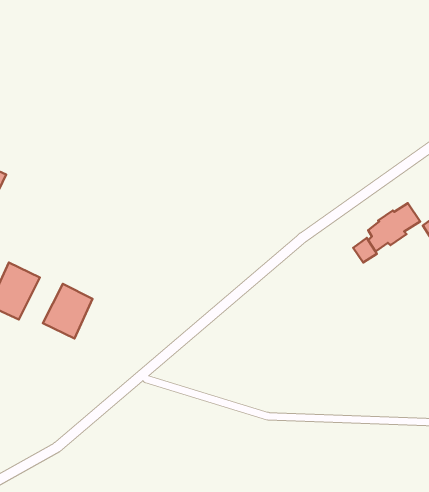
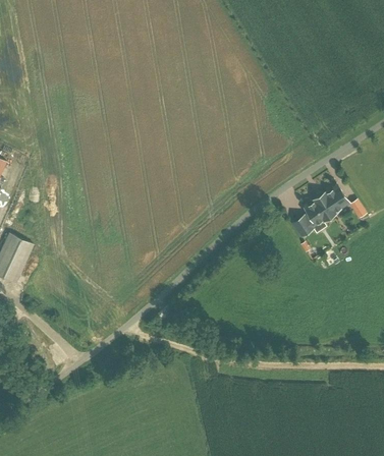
building: [43,284,93,338] -> none

